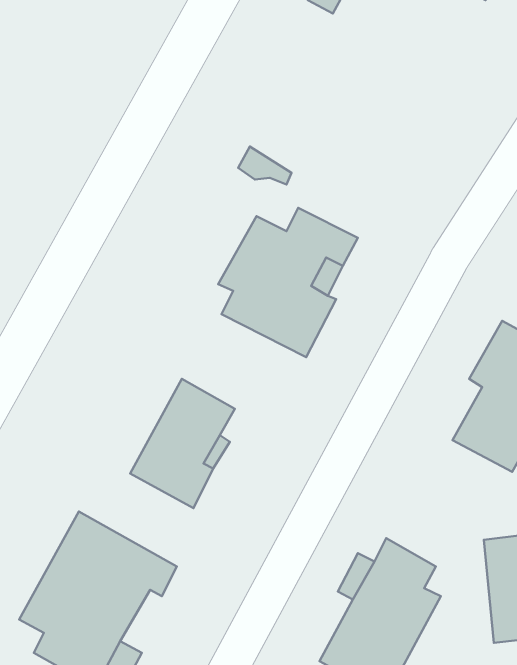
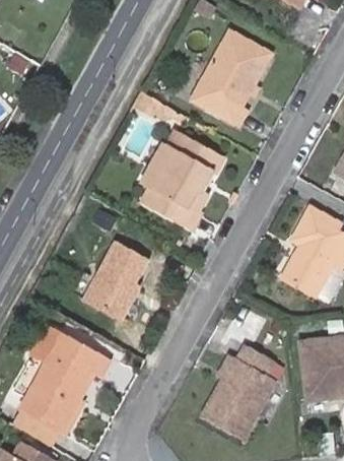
building: none -> [198,31,275,127]

